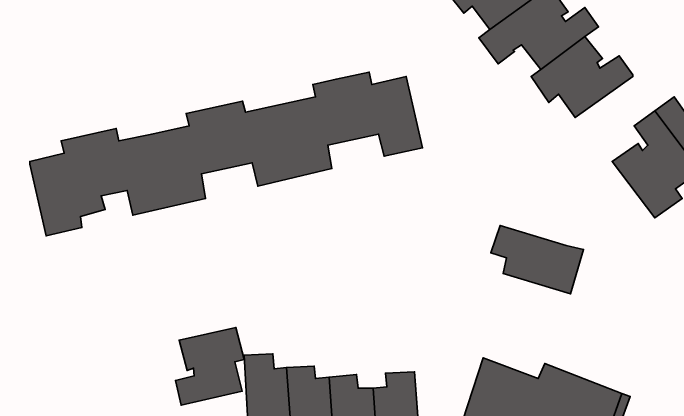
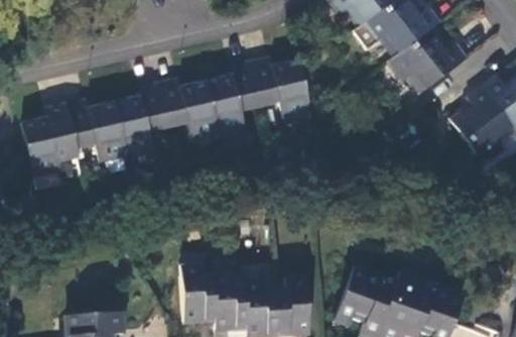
building: [491,225,584,294] -> none
building: [175,327,244,405] -> none

